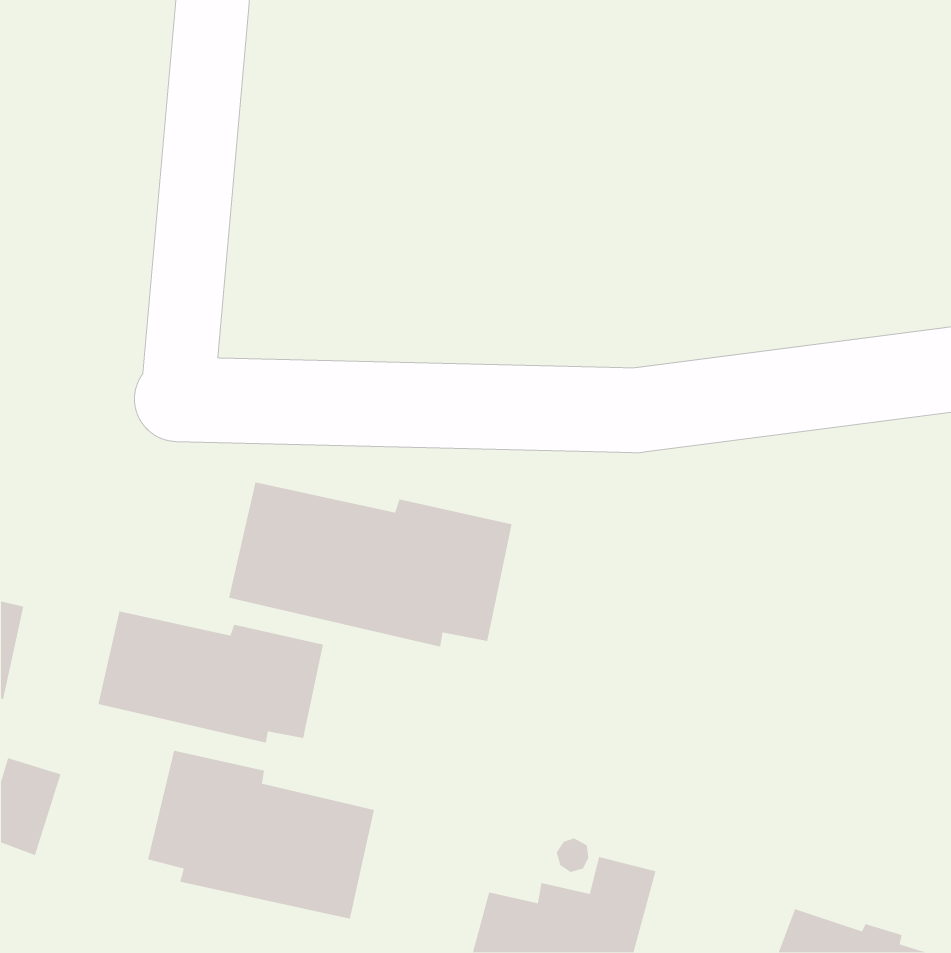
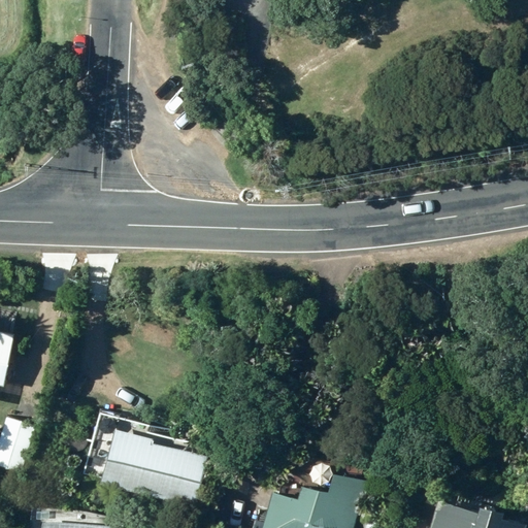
building: [228,481,513,647] -> none
building: [97,611,324,744] -> none

